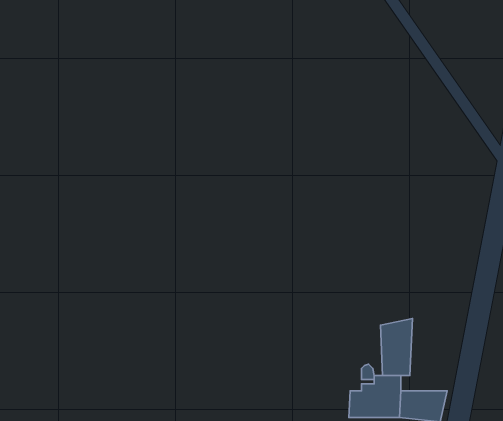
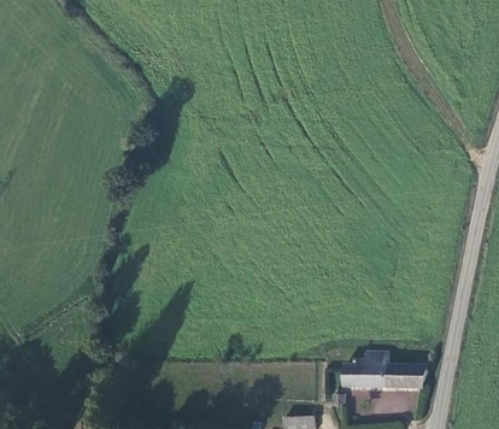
building: [380,319,412,375] -> none

